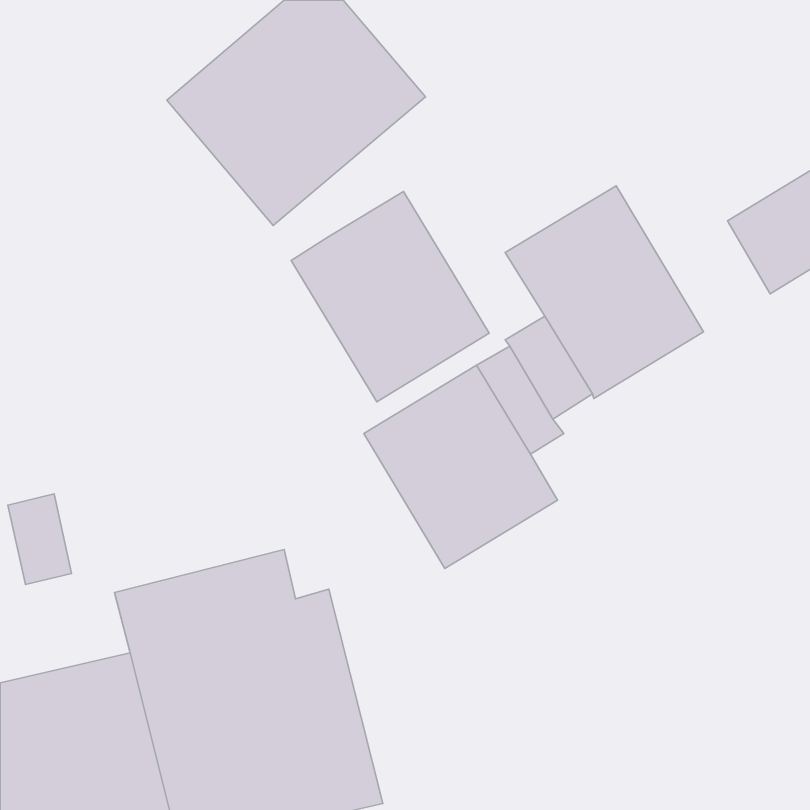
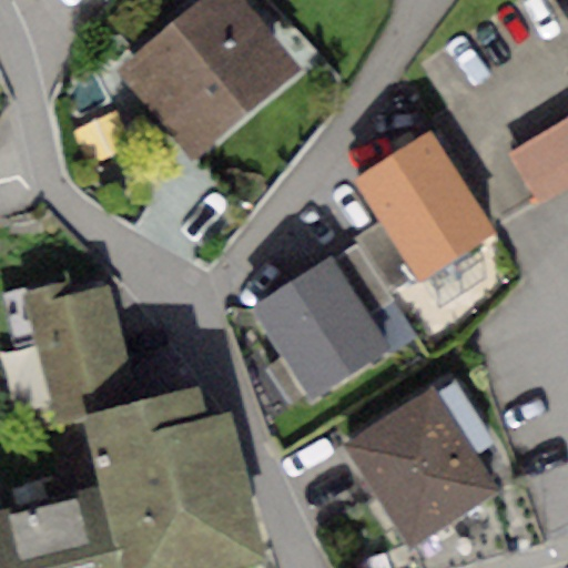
building: [291,192,489,402] -> none
building: none -> [28,272,133,406]
building: none -> [342,389,496,548]

